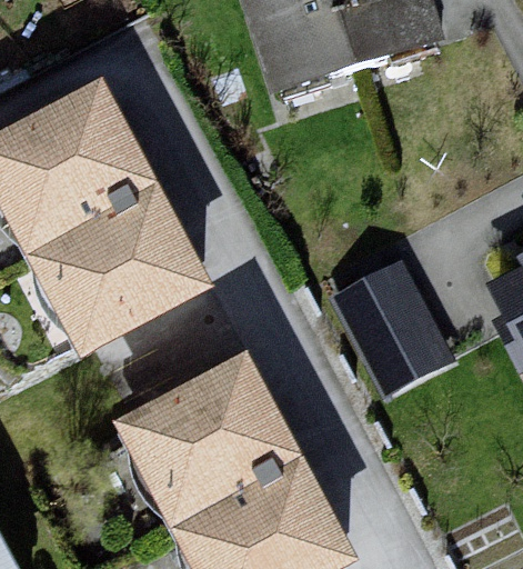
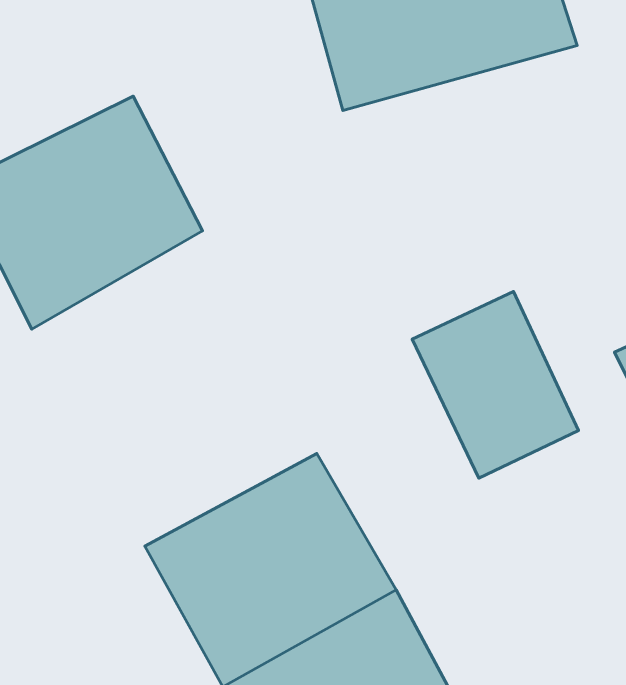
building: [27,183,217,365] -> none

